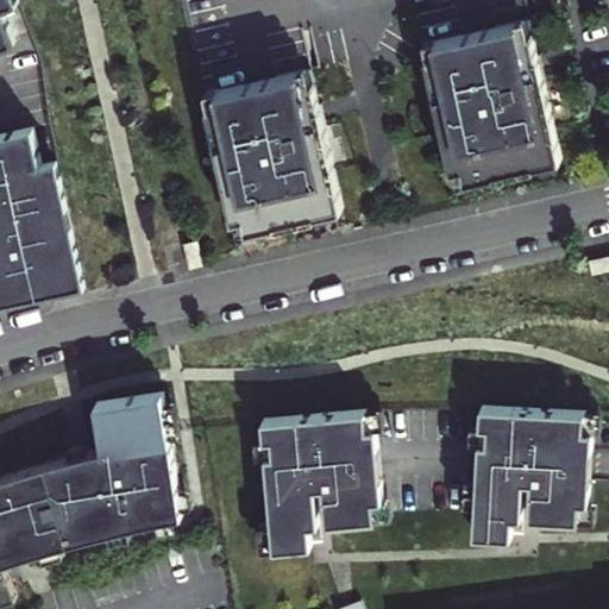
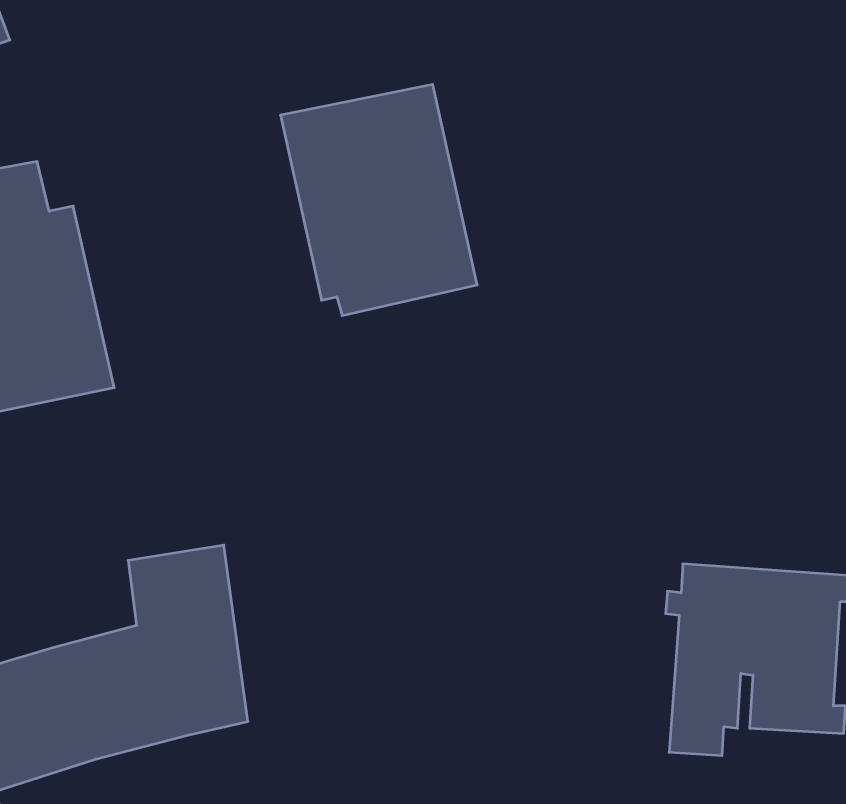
building: [417,24,555,186] -> none
building: [249,412,385,552] -> none

